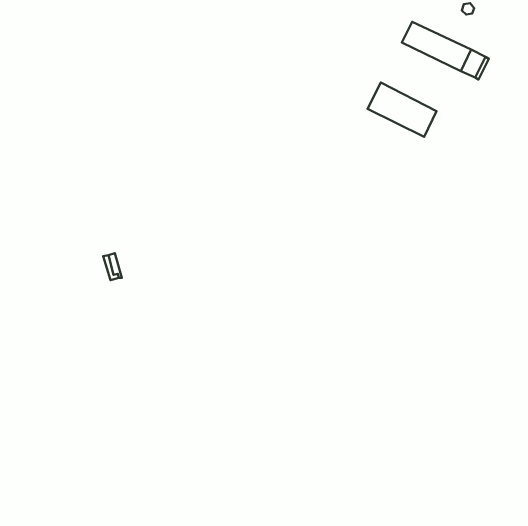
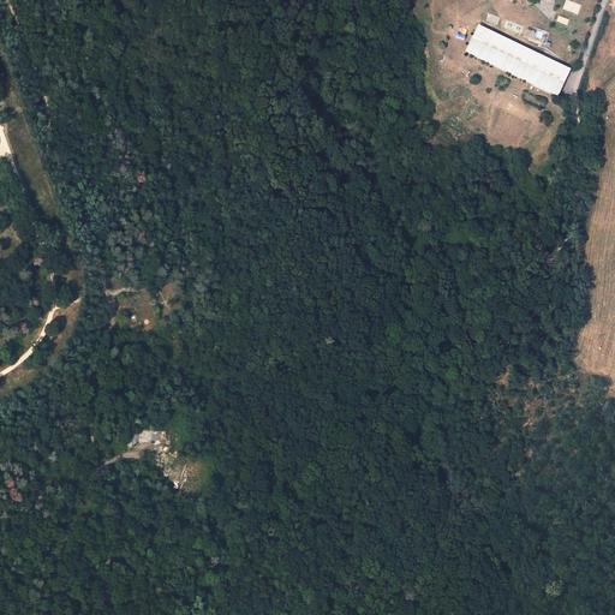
building: [367,83,437,137] -> none

